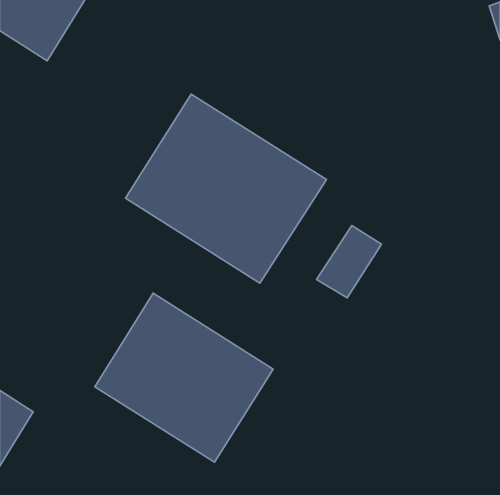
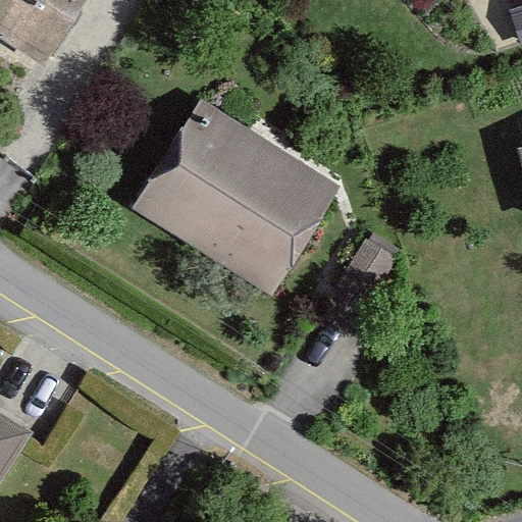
building: [95,293,273,462] -> none

